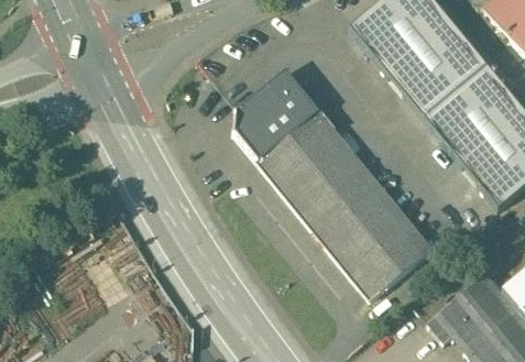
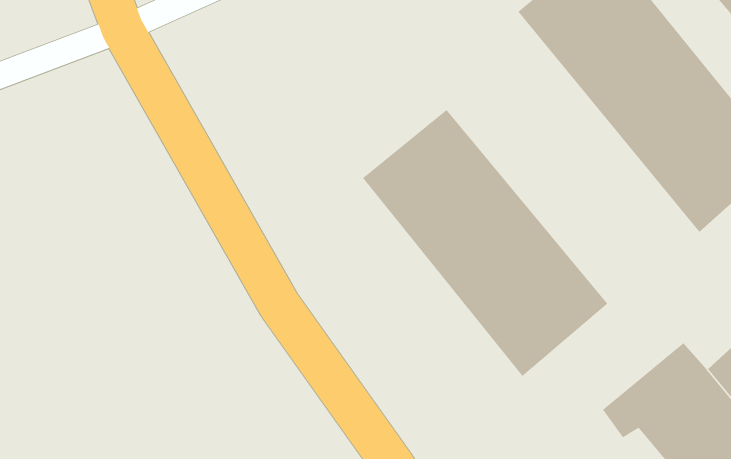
building: [233,70,319,161] -> none

